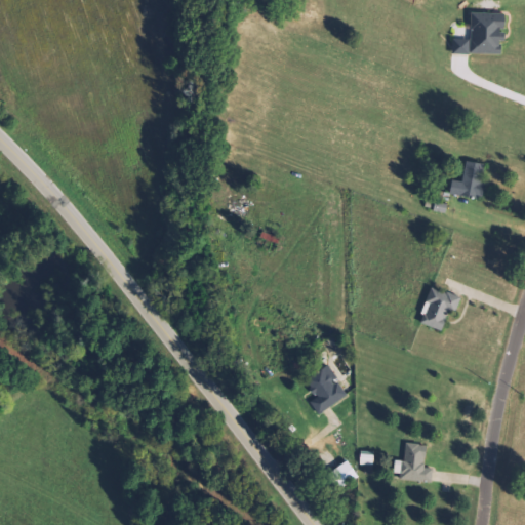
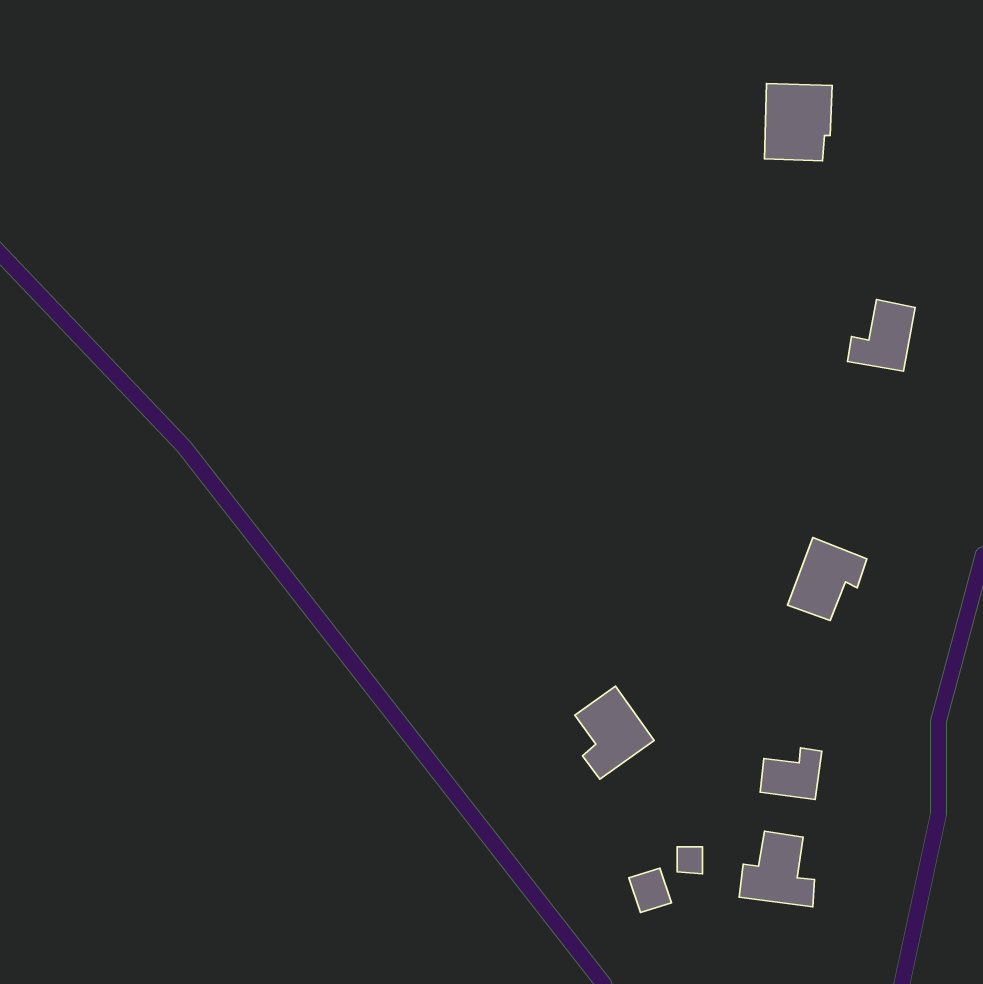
building: [469,12,504,53] -> [765,83,832,161]
building: none -> [760,748,822,800]

